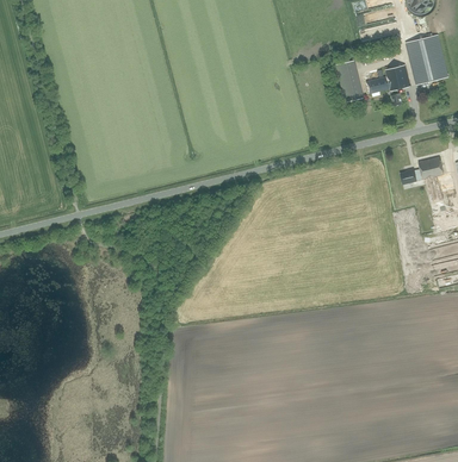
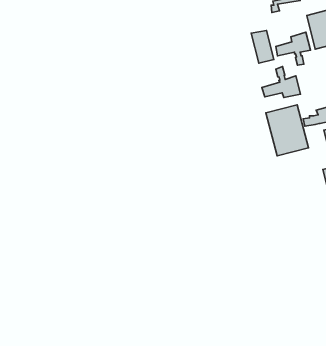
building: none -> [262,67,300,97]
building: none -> [266,105,309,156]

